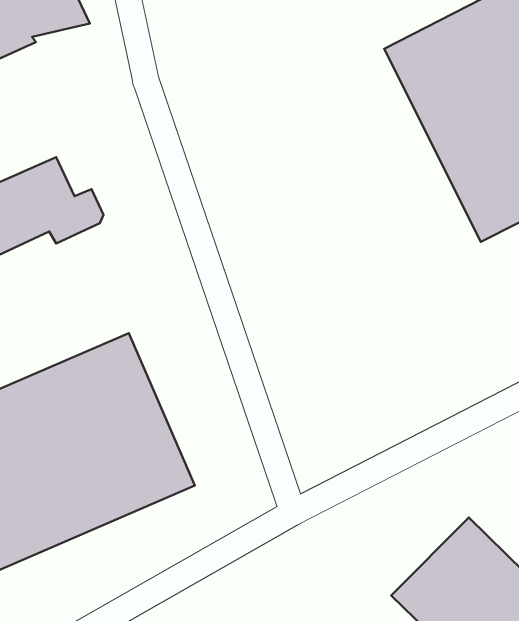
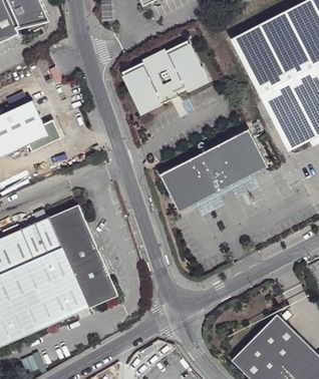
building: none -> [121,39,207,113]
building: none -> [158,127,266,210]

